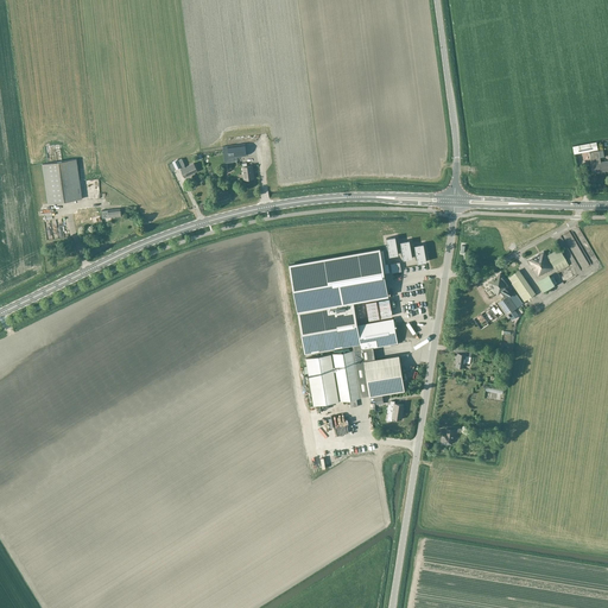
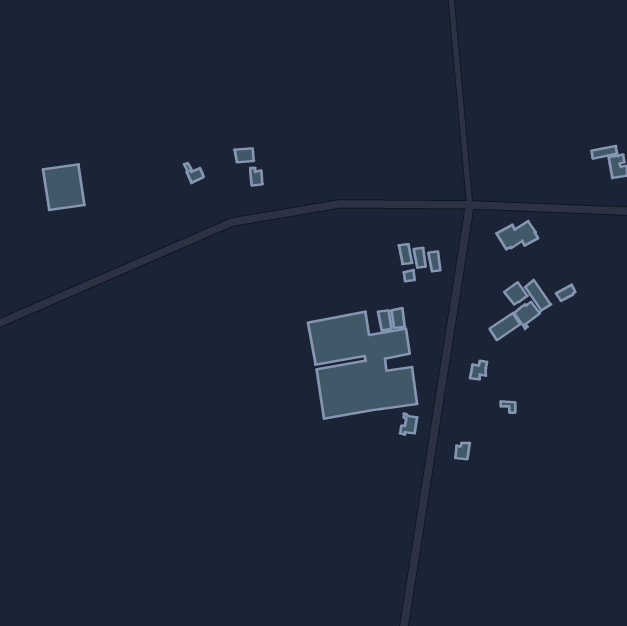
building: [528,249,569,277] -> [496,221,538,249]
building: [290,251,388,312] -> none

